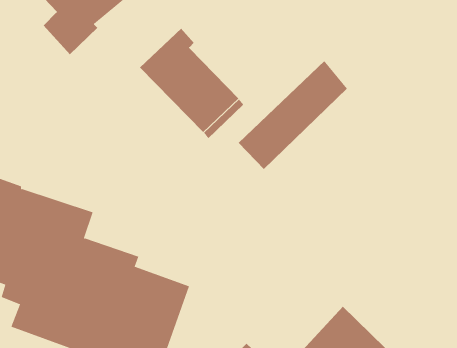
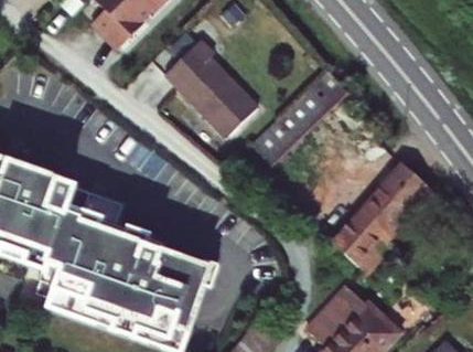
building: none -> [334,164,432,268]

